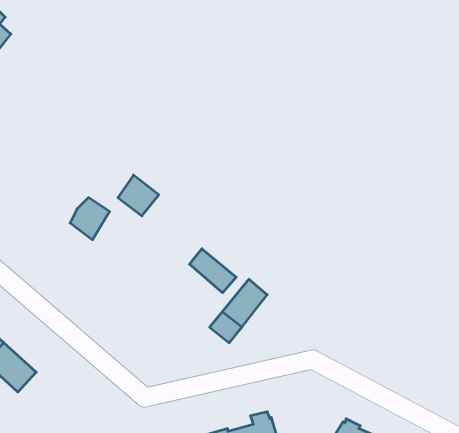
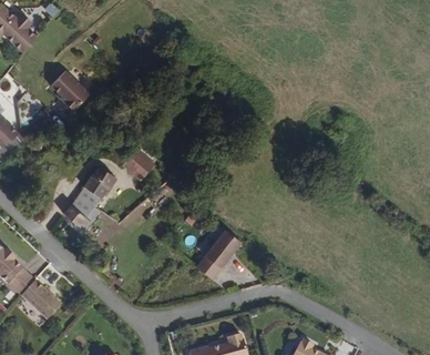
building: none -> [51,72,90,111]
building: none -> [64,185,103,230]
building: [189,249,236,293] -> none

